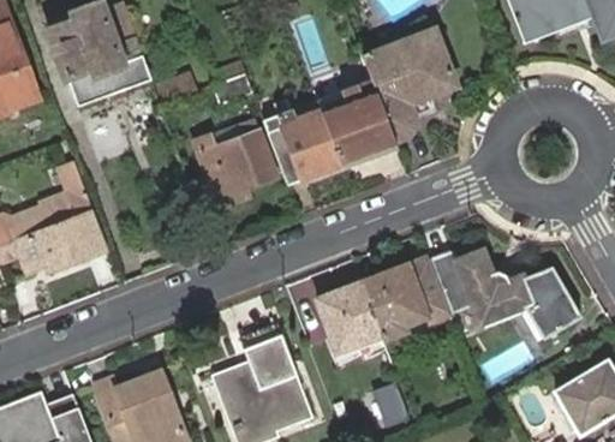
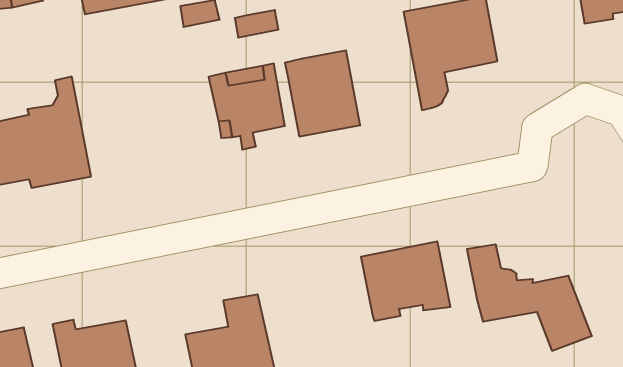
building: [317,79,395,165] -> none
building: [428,249,472,313] -> none
building: [316,282,381,351] -> none

